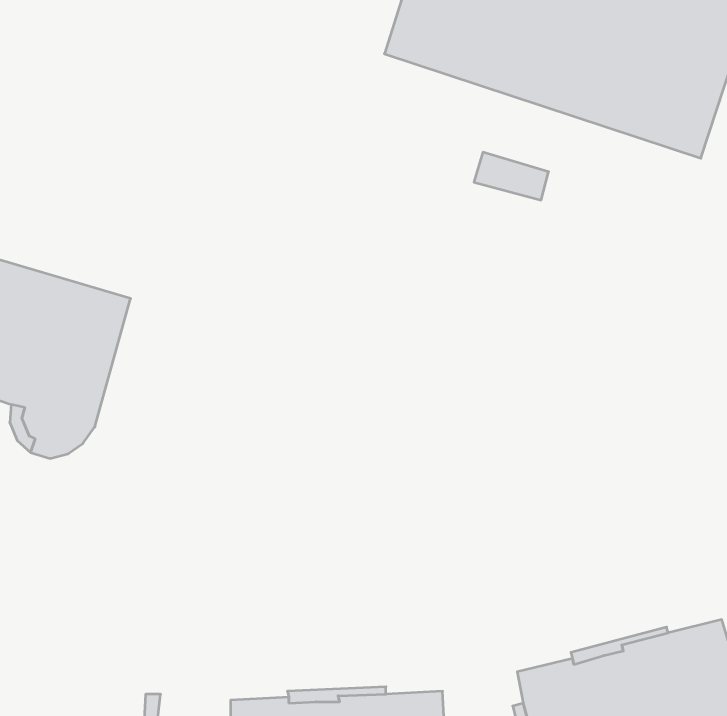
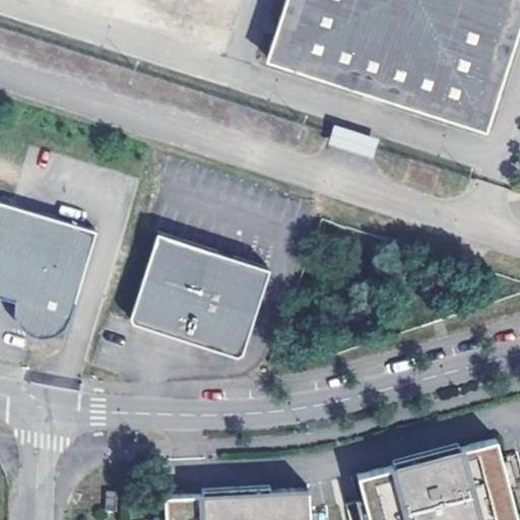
building: none -> [130,235,267,356]

